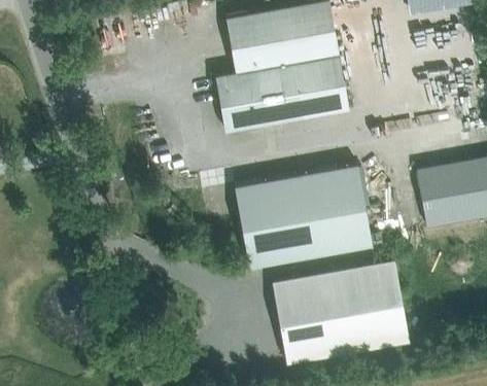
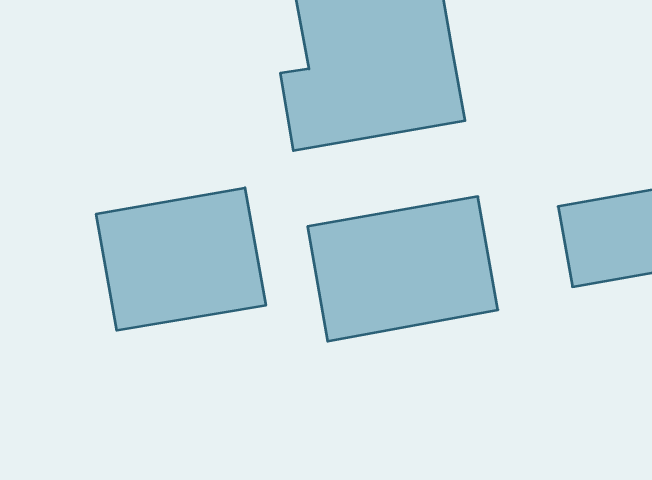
building: none -> [96,188,266,330]
building: [273,260,410,363] -> none

